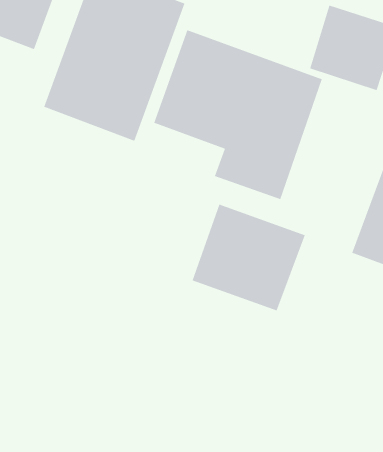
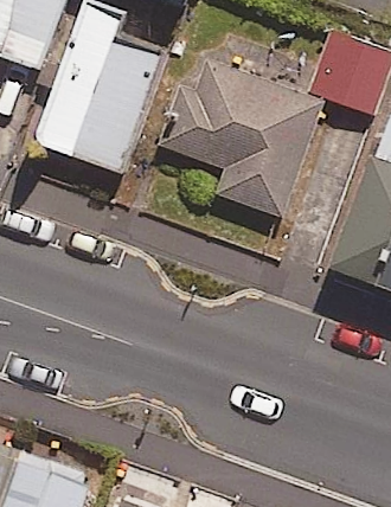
building: [191,204,306,311] -> none

